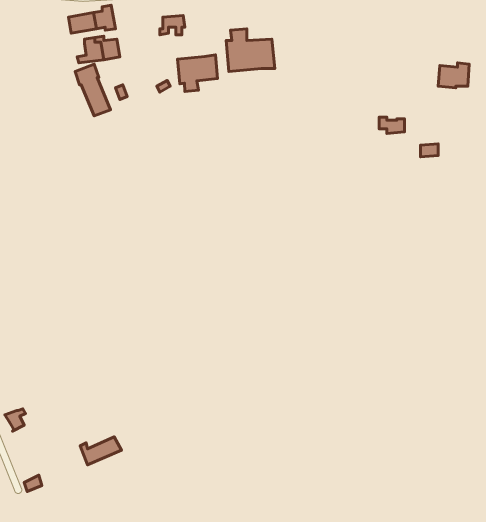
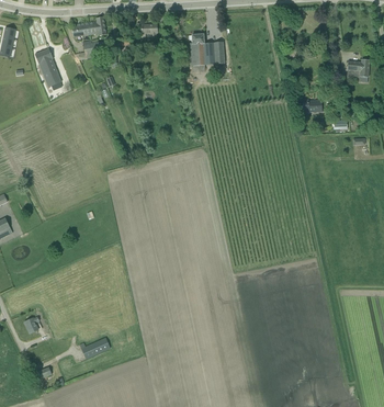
building: [178,55,218,91] -> none
building: [75,64,110,116] -> [34,47,60,86]

